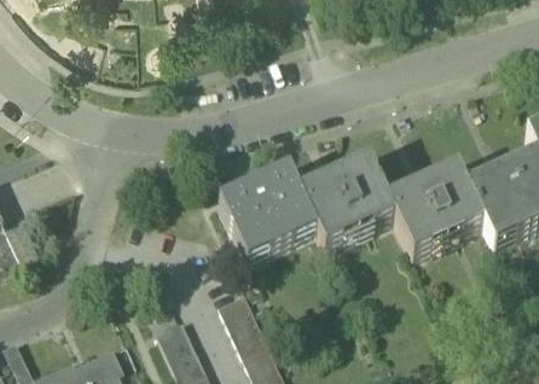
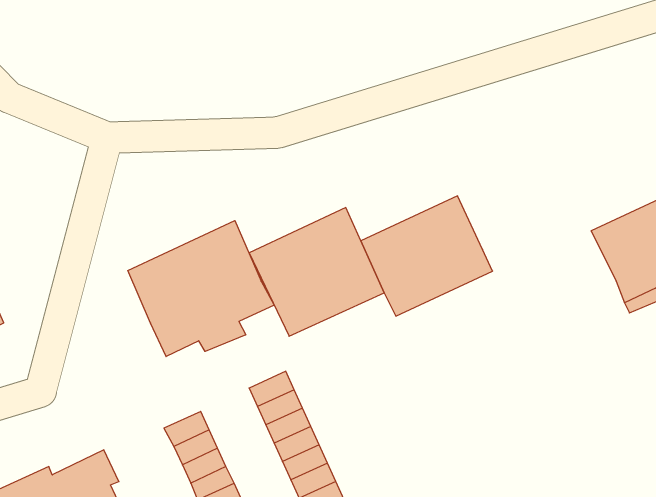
building: [384,168,481,256] -> none
building: none -> [128,221,274,357]

